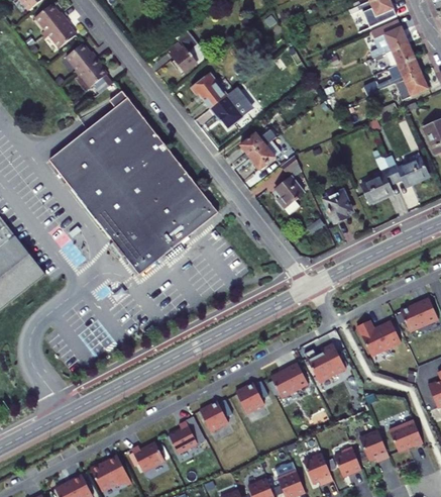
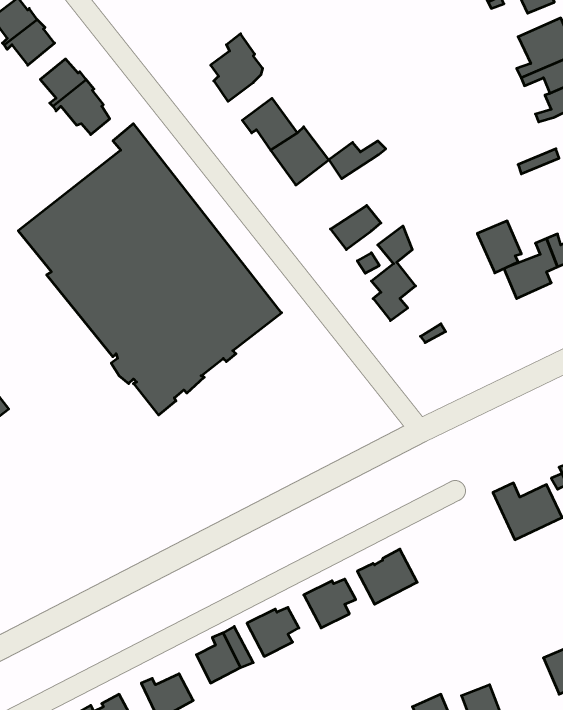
building: [243,132,280,157] -> [329,141,386,179]
building: [325,190,353,223] -> [477,221,521,273]
building: [303,343,344,381] -> none
building: [358,429,388,461] -> none

